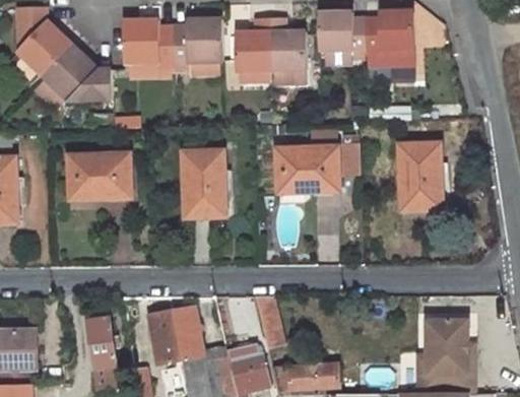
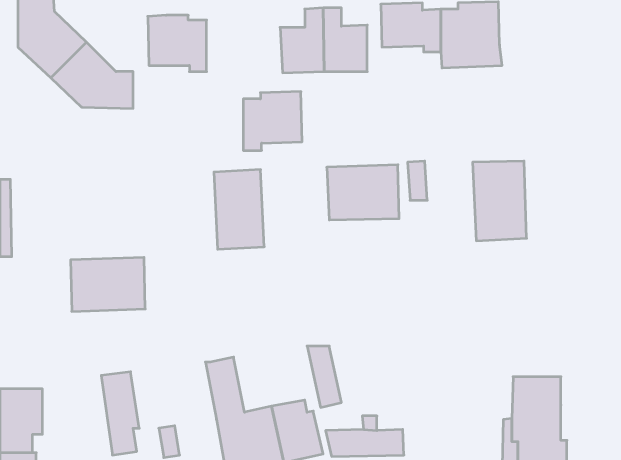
building: [174,21,222,70] -> [243,92,302,150]
building: [63,154,125,199] -> [71,257,145,311]
building: [152,311,182,361] -> none

